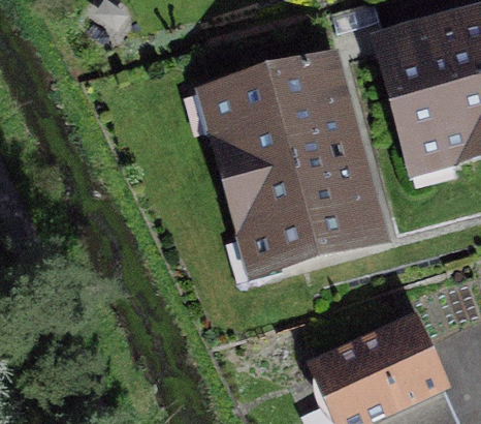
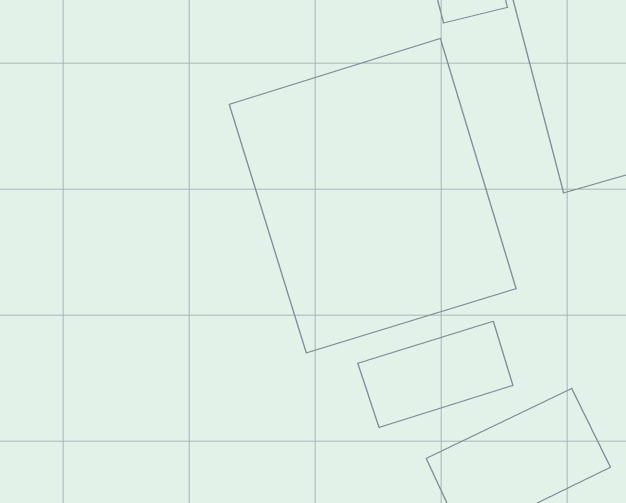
building: none -> [358,321,513,428]

